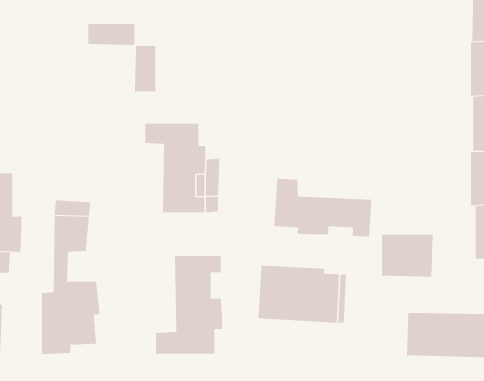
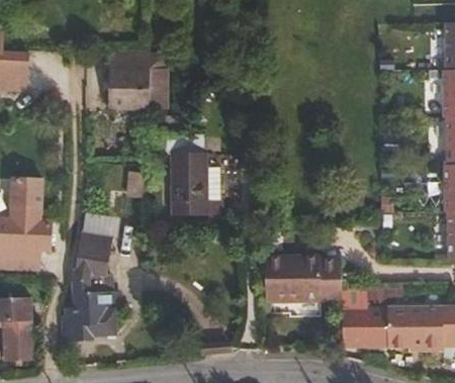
building: none -> [108,71,150,112]
building: [274,178,372,237] -> none
building: [381,234,433,277] -> [341,304,386,342]
building: [156,255,222,354] -> none

